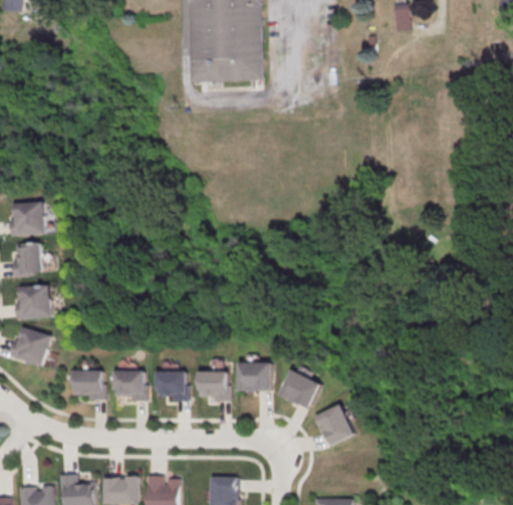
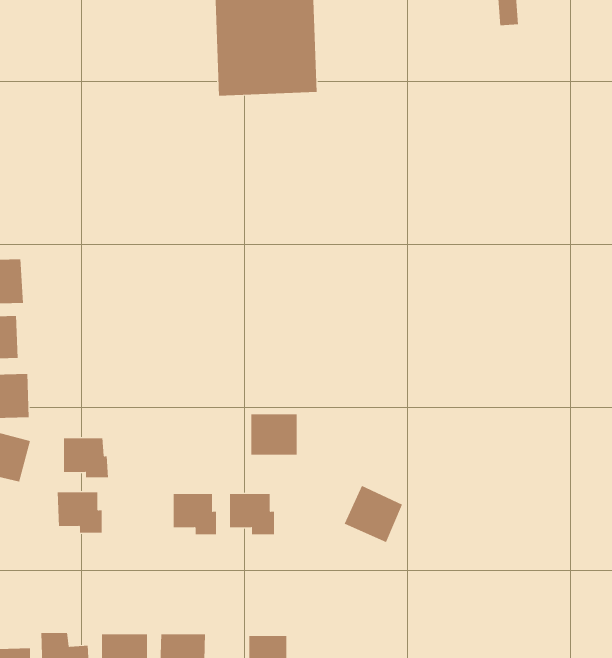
building: [238,360,272,391] -> [251,414,298,455]
building: [113,372,147,402] -> [63,438,109,478]
building: [315,404,355,446] -> none

